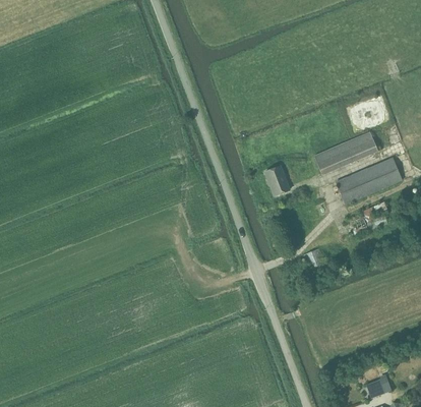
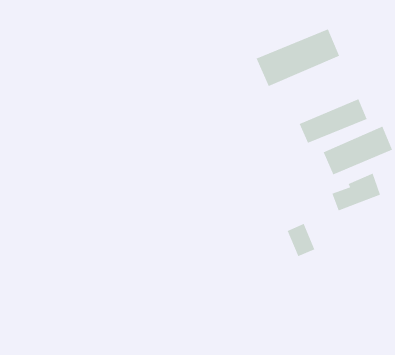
building: none -> [256,28,340,87]
building: [264,165,289,195] -> none

